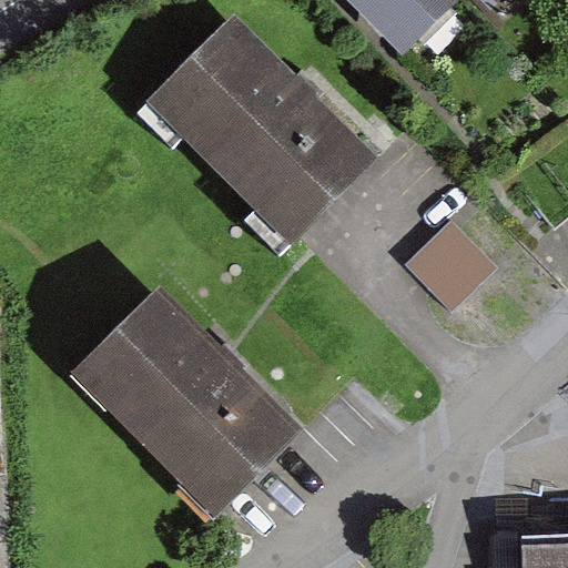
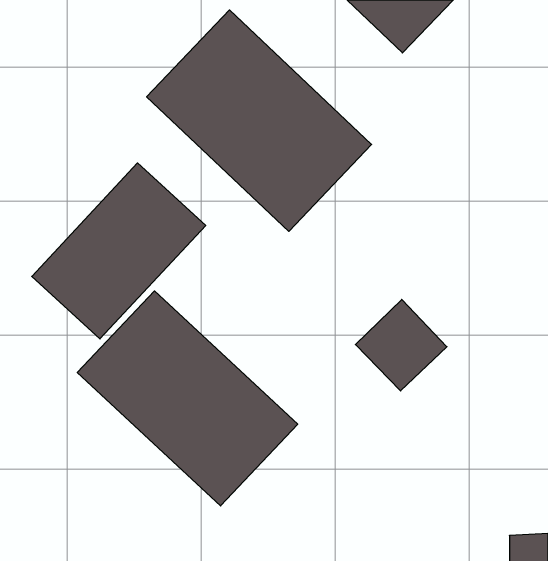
building: none -> [32,163,206,339]
building: [389,230,481,322] -> [355,299,447,391]

